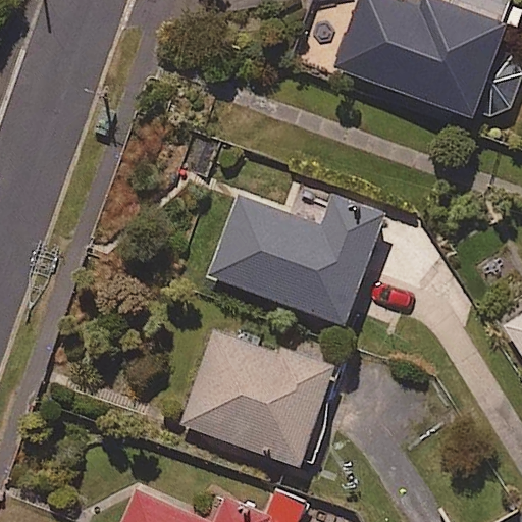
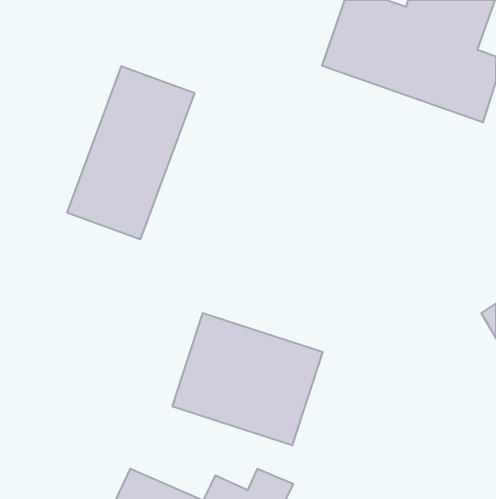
building: none -> [67,66,194,239]
building: [206,192,388,326] -> none

